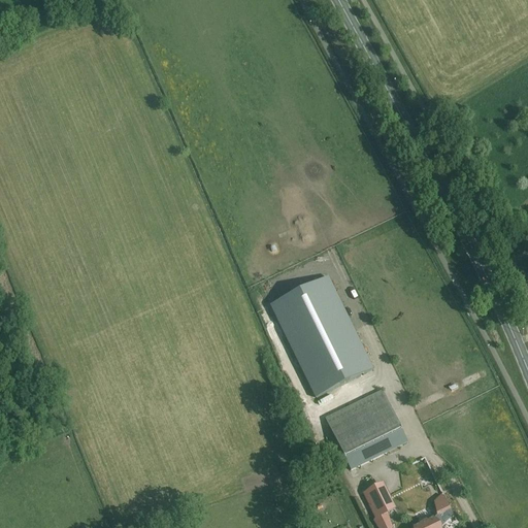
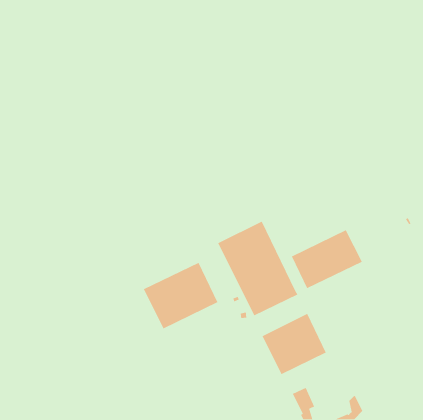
building: none -> [291,229,363,290]
building: none -> [143,261,219,330]

